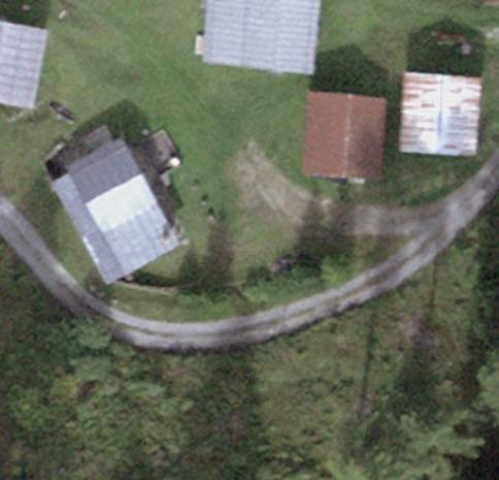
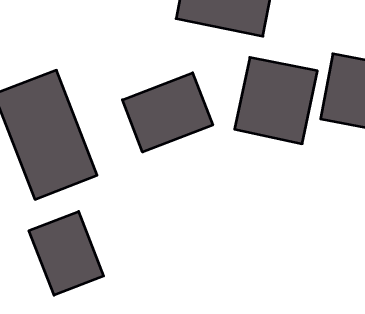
building: none -> [122,73,213,152]
building: none -> [29,211,104,295]

